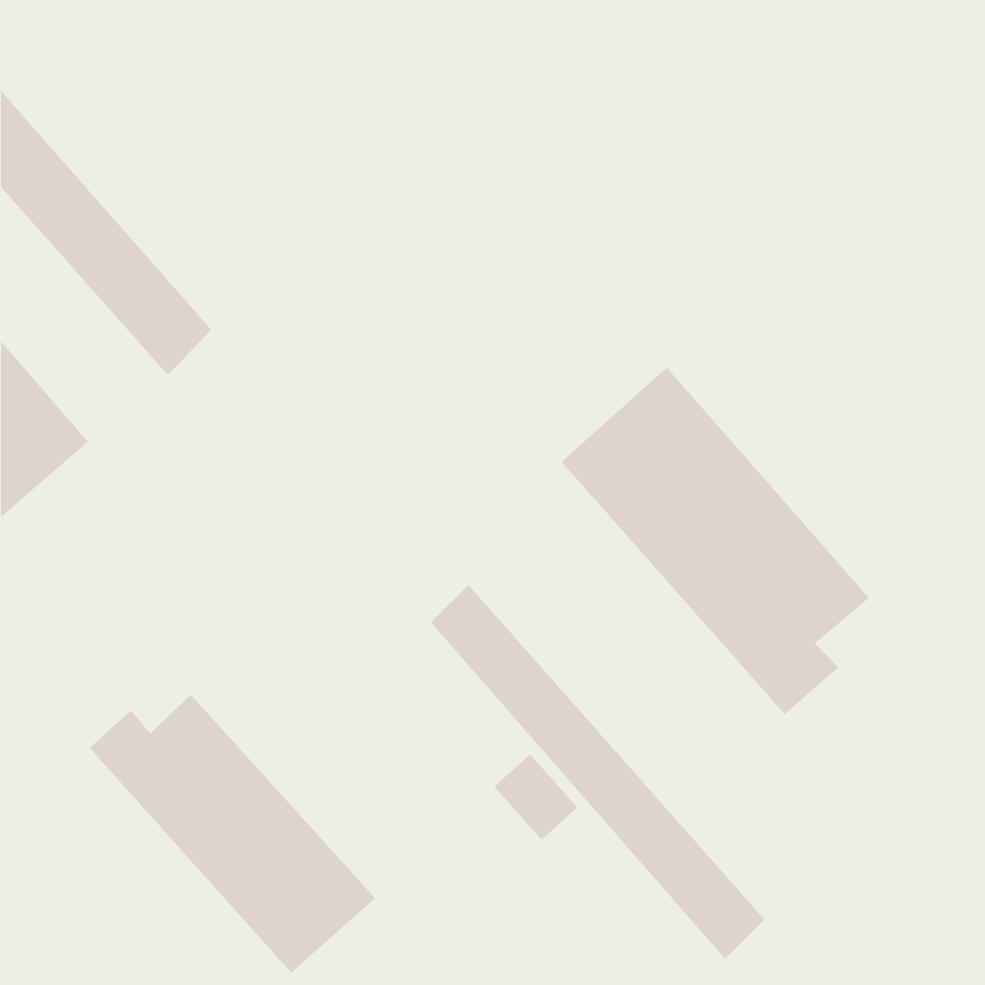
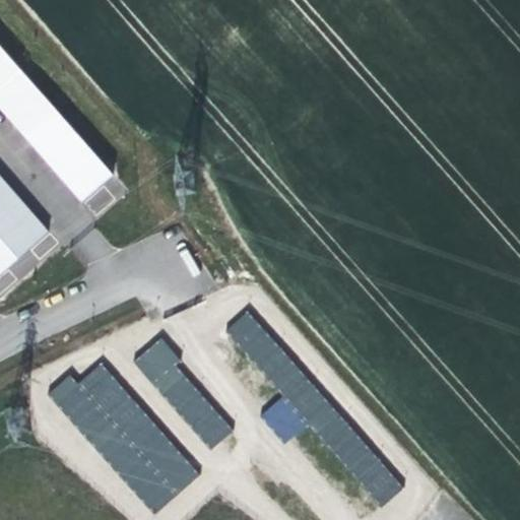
building: [561,367,870,715] -> none
building: none -> [136,338,233,448]

